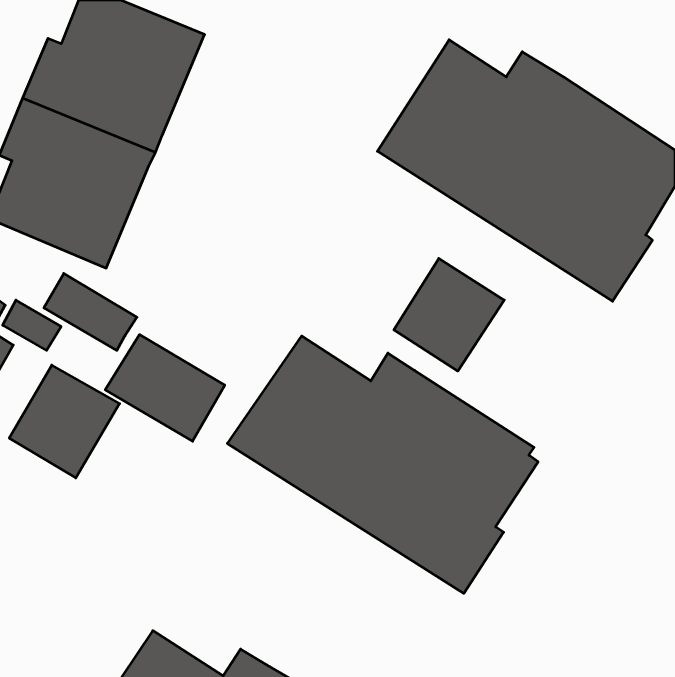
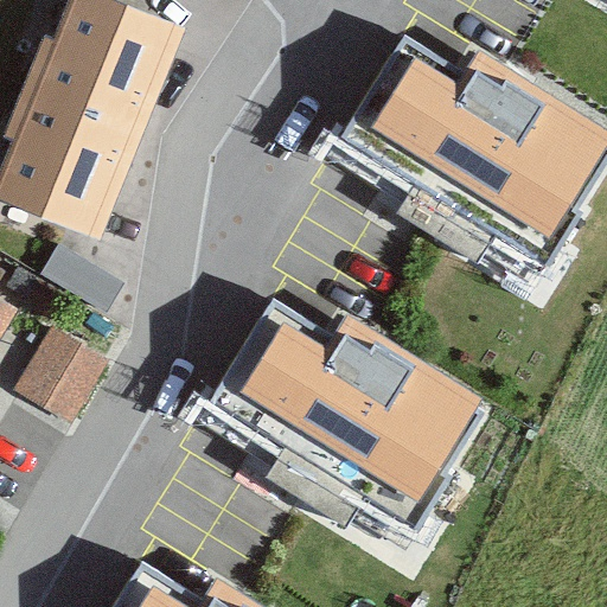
building: [394,258,504,371] -> none
building: [105,335,225,441] -> none

